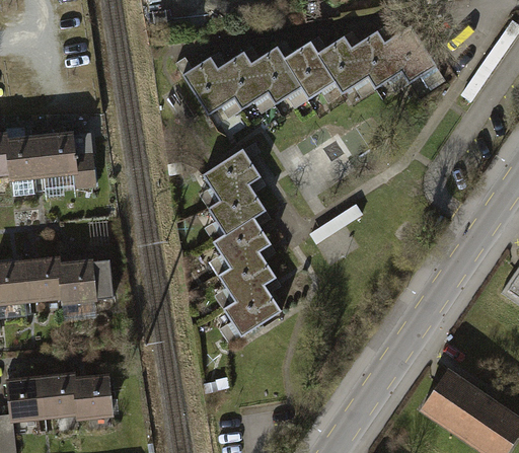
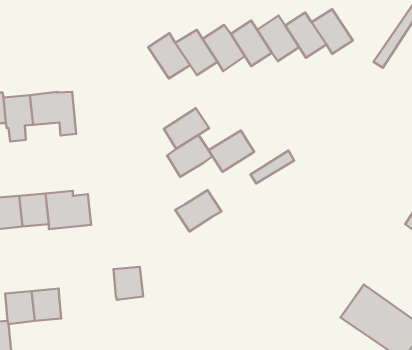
building: [212,219,268,270] -> [209,130,254,172]
building: [223,285,279,335] -> none
building: [74,374,110,414] -> [113,267,143,300]

